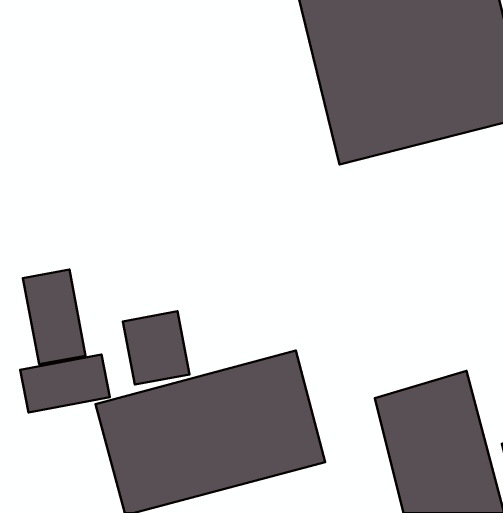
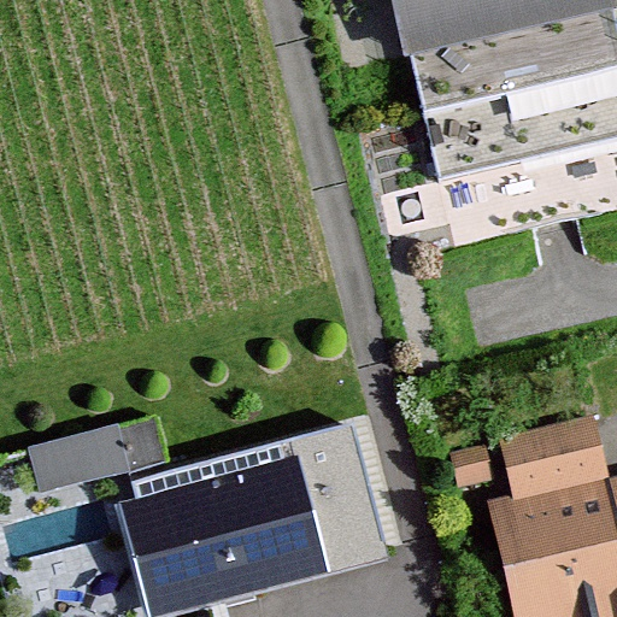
building: [23,270,85,364] -> none
building: [123,311,189,385] -> none

